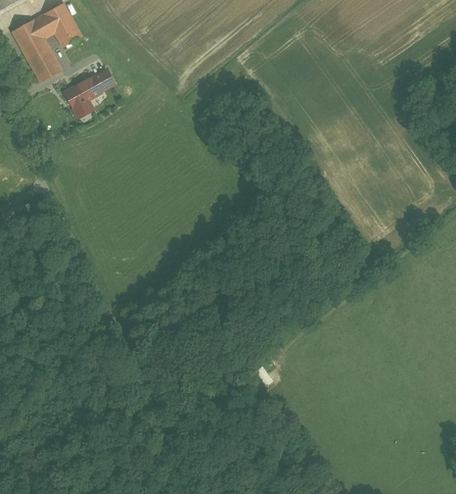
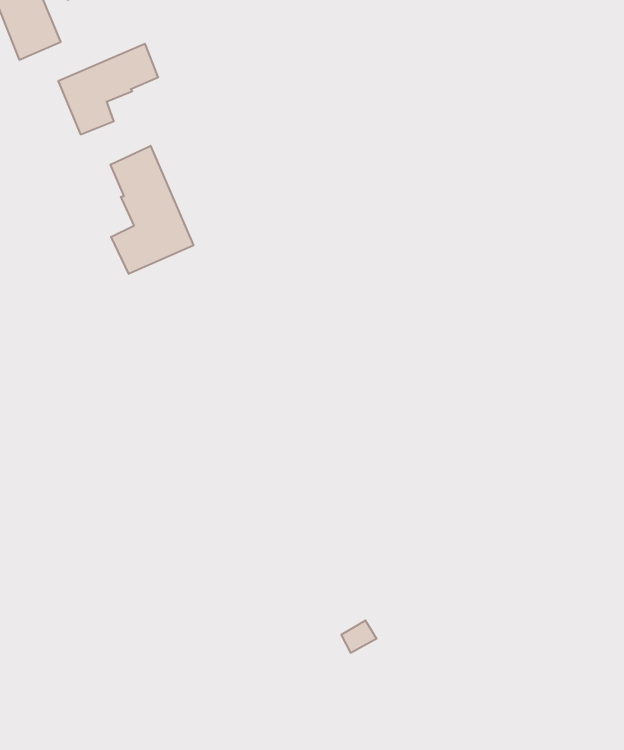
building: none -> [111,146,193,274]

